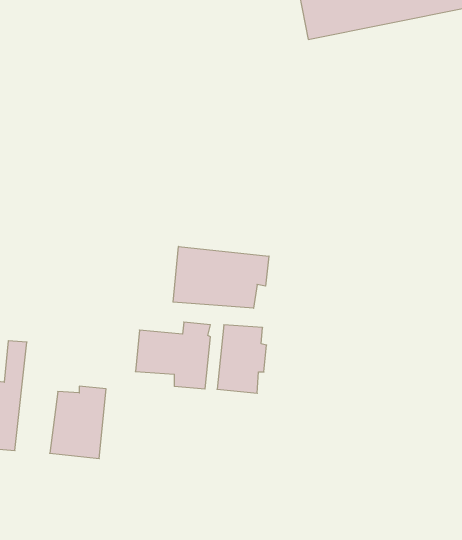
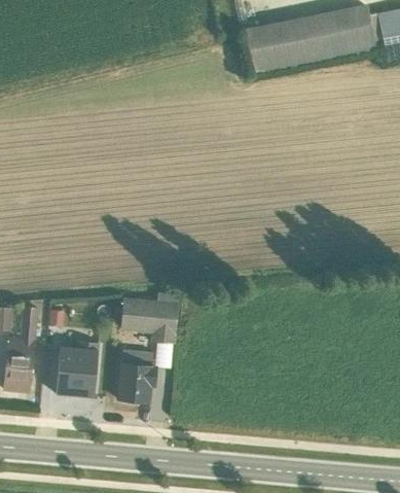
building: [173,246,269,308] -> none
building: [217,325,267,393] -> [118,350,156,402]

